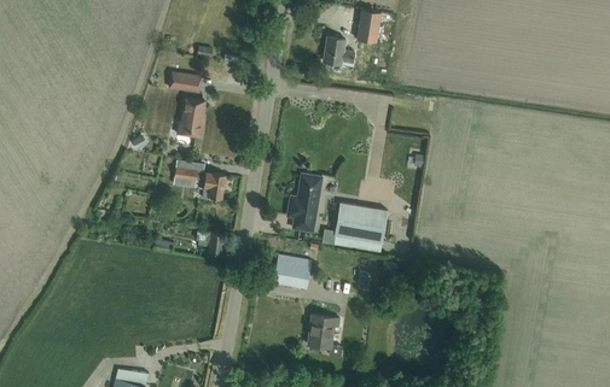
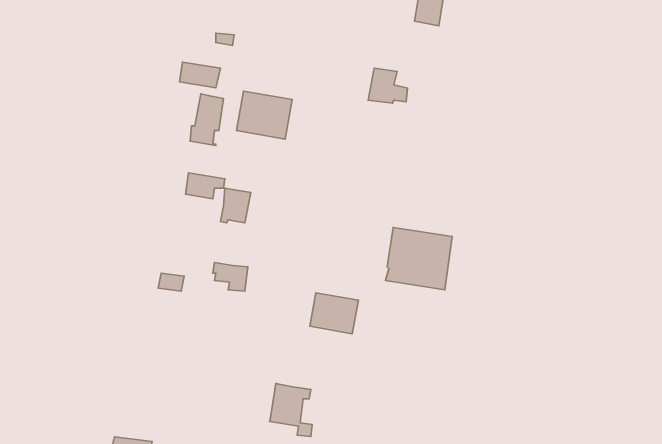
building: [323,36,354,64] -> [368,68,408,103]
building: none -> [237,91,292,139]
building: [287,174,321,231] -> none
building: [307,313,341,356] -> [270,384,312,437]

